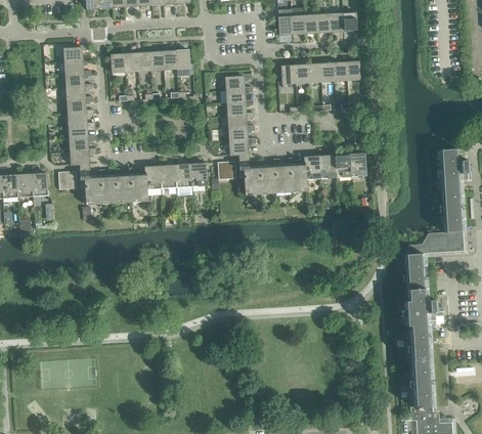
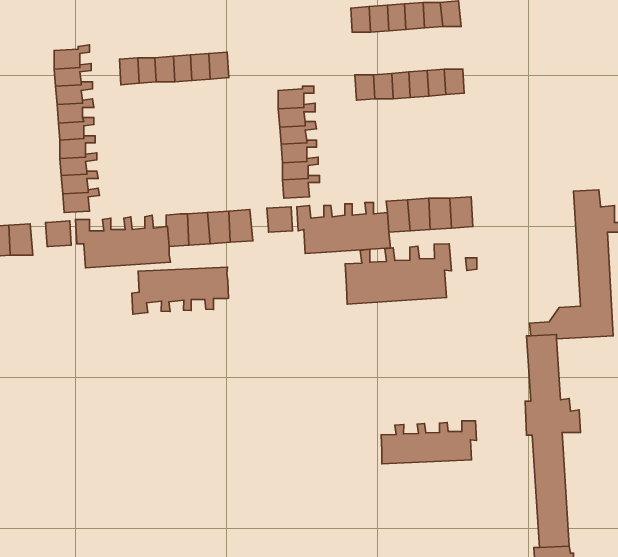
building: none -> [345,244,451,304]
building: none -> [132,267,229,314]
building: none -> [381,421,477,464]

